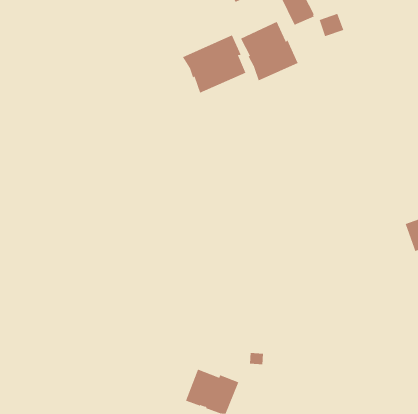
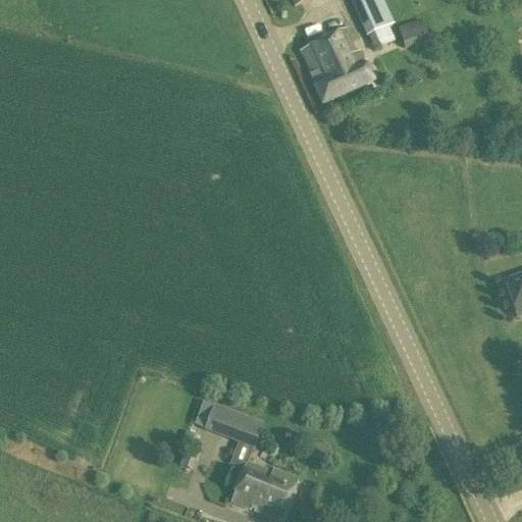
building: [182,34,246,93] -> none
building: none -> [206,404,263,445]

